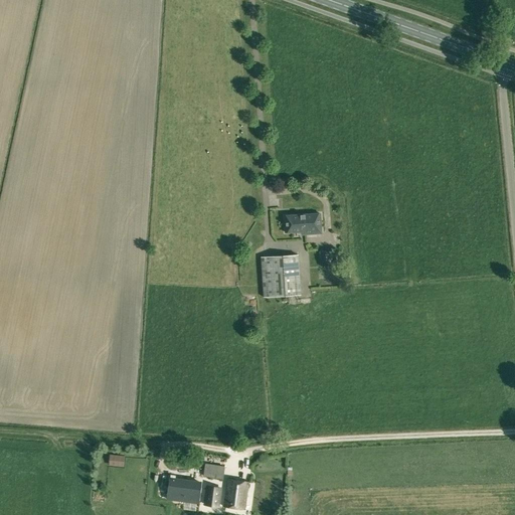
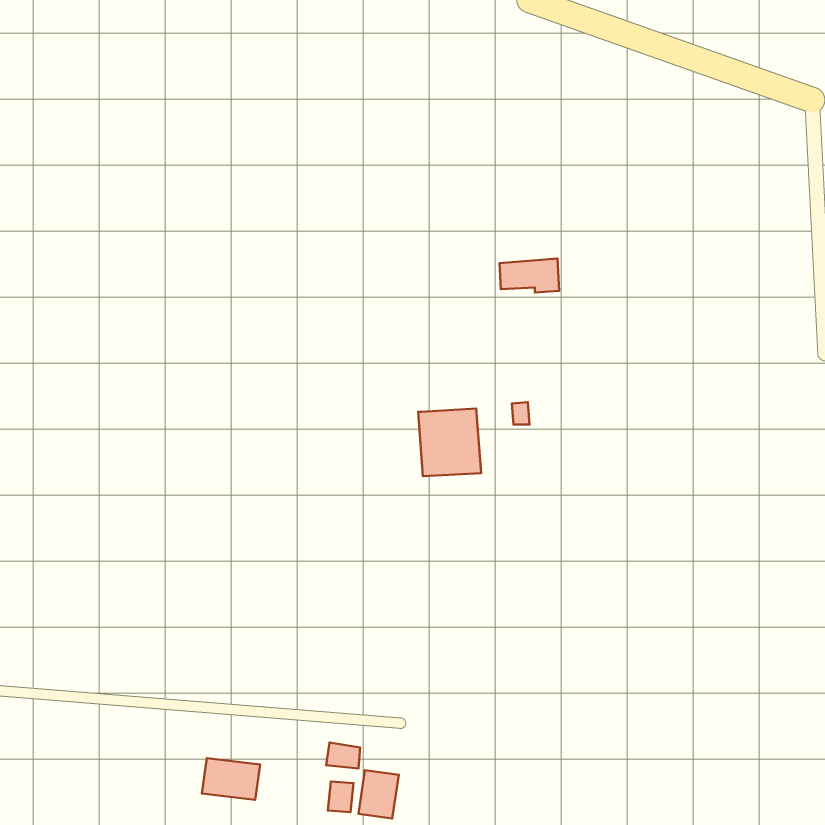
building: [284,213,321,234] -> [499,258,559,292]
building: [166,478,202,504] -> [202,758,260,800]

